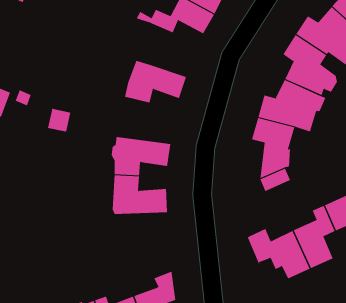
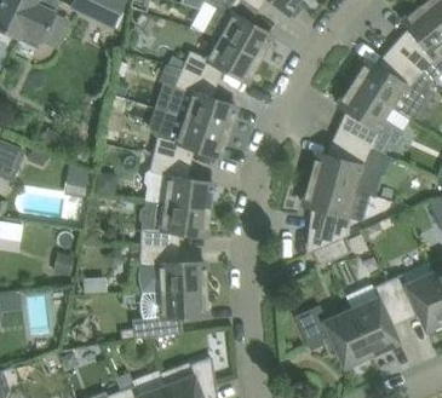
building: none -> [159,64,236,132]
building: none -> [144,155,213,209]
building: none -> [134,289,207,339]

